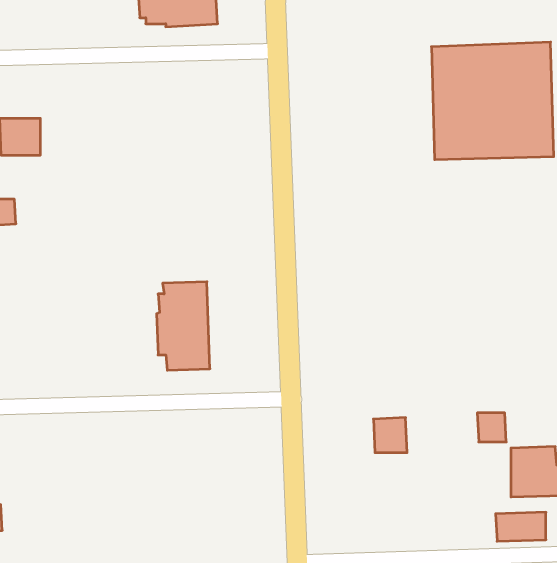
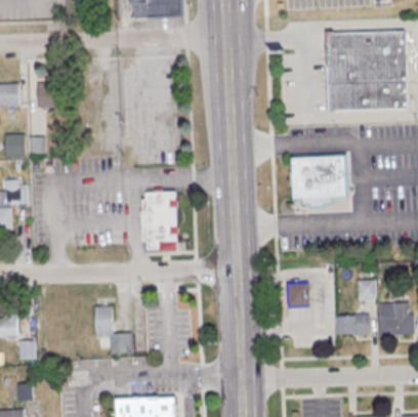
building: none -> [289,155,347,209]
building: none -> [95,305,132,355]
building: [496,512,546,541] -> [336,315,370,334]

